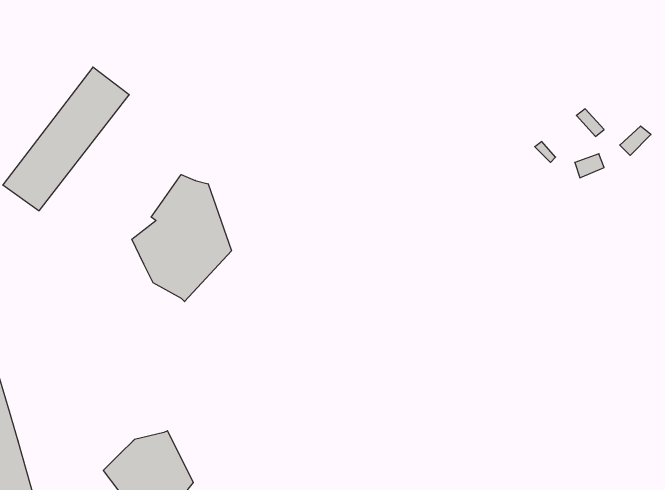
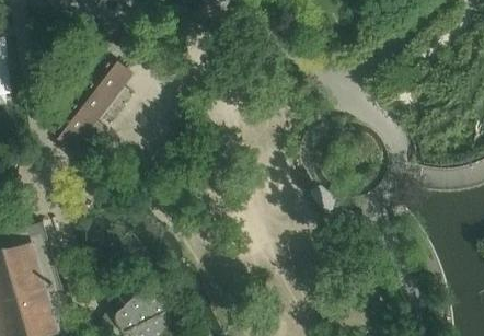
building: [132,175,231,302] -> none

